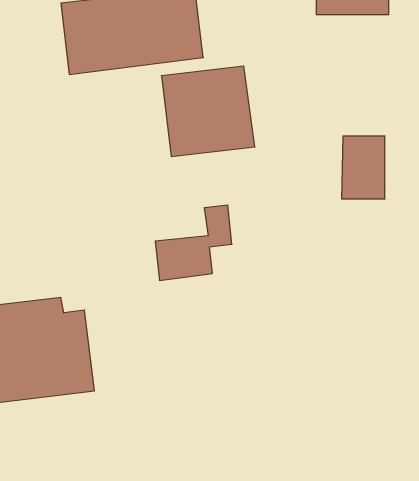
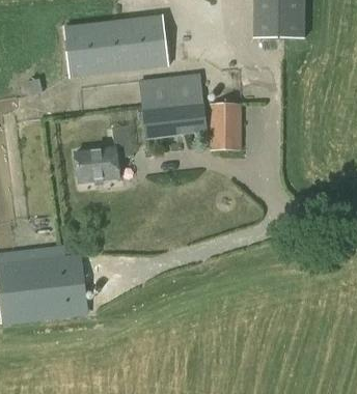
building: [342,136,385,199] -> [209,104,241,150]
building: [155,205,232,280] -> [76,125,133,181]

